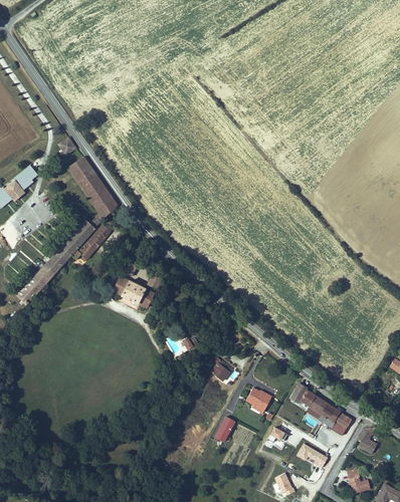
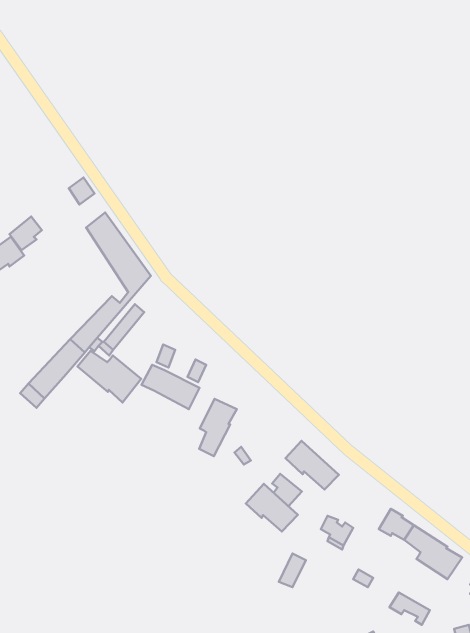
building: none -> [78,351,141,402]
building: none -> [199,399,237,456]
building: none -> [285,441,339,489]
building: none -> [246,484,298,531]

